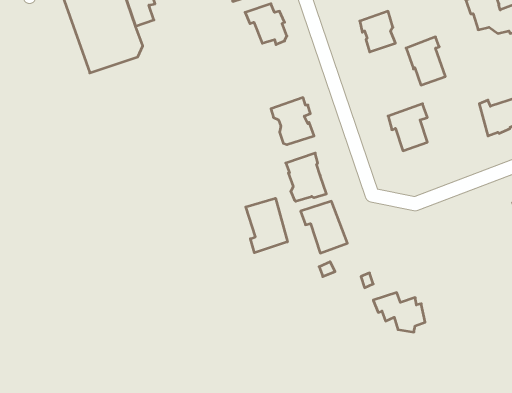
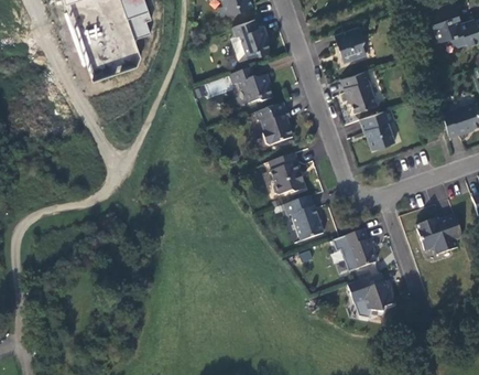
building: [406,37,445,85] -> [341,69,377,113]
building: none -> [230,67,272,103]
building: [246,198,287,253] -> none
building: none -> [416,215,461,254]
building: none -> [342,228,377,269]

